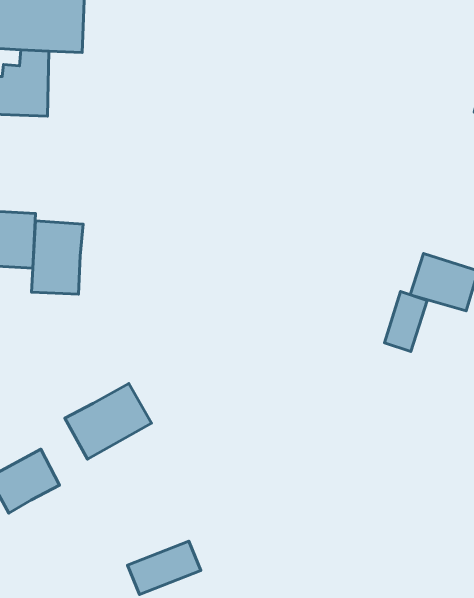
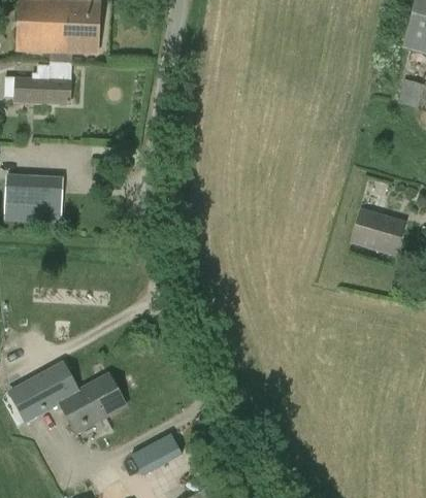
building: [32,221,83,294] -> none
building: [384,292,427,352] -> none
building: [65,383,151,459] -> [59,374,126,433]

